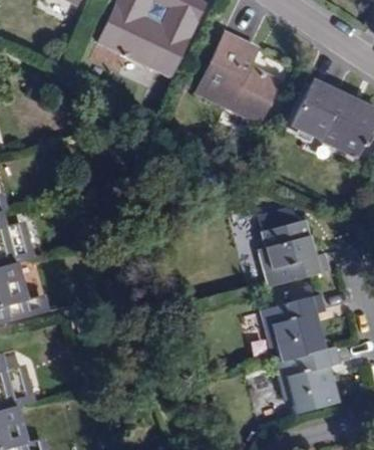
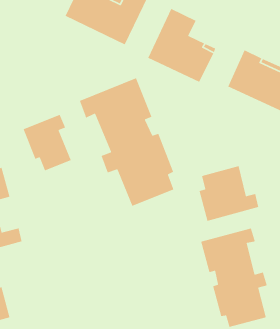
building: none -> [79,77,175,207]
building: none -> [22,114,72,172]

